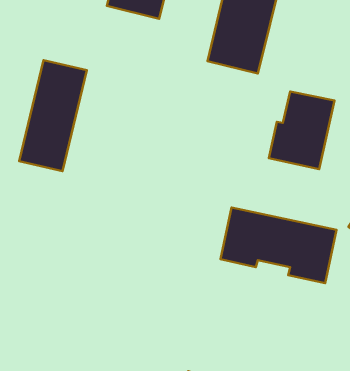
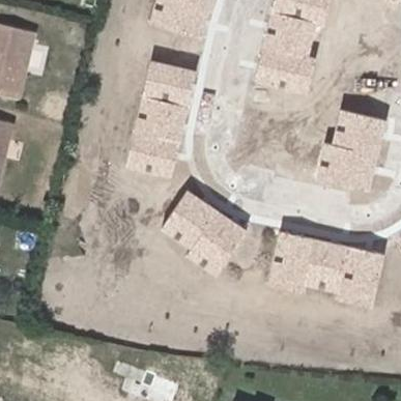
building: [19,60,87,171] -> [126,62,196,176]
building: none -> [162,190,249,277]

